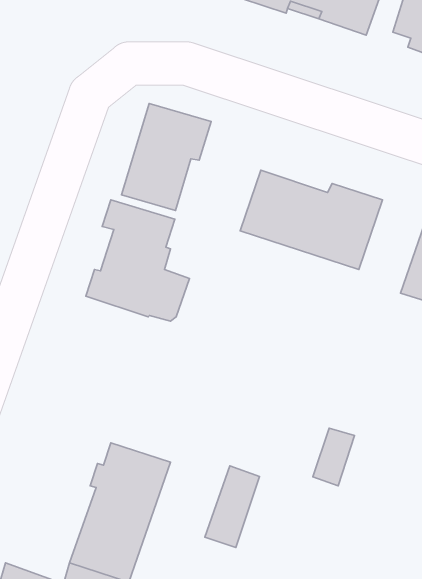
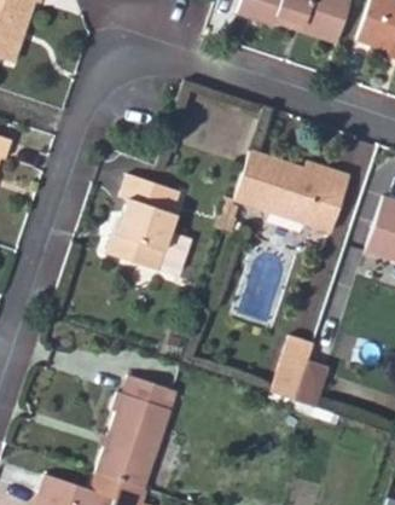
building: [122,104,211,210] -> none
building: [205,466,260,548] -> [268,335,313,401]

